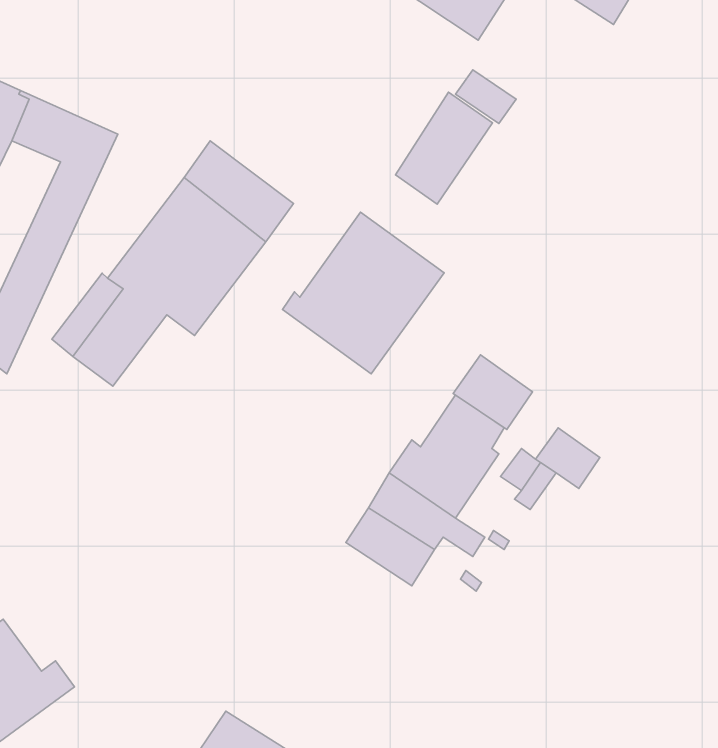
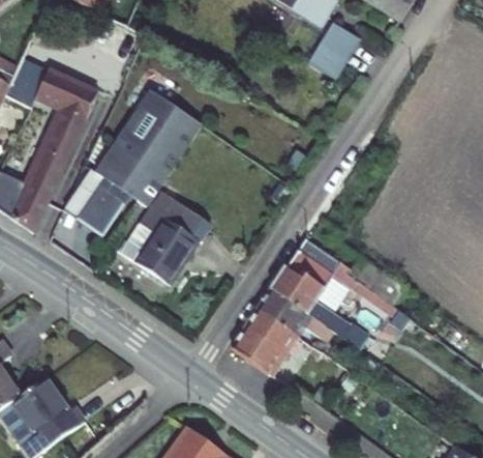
building: none -> [315,22,358,64]
building: [396,92,492,204] -> none
building: [282,212,444,374] -> [117,195,213,291]
building: [453,355,533,429] -> none
building: none -> [227,328,279,374]

